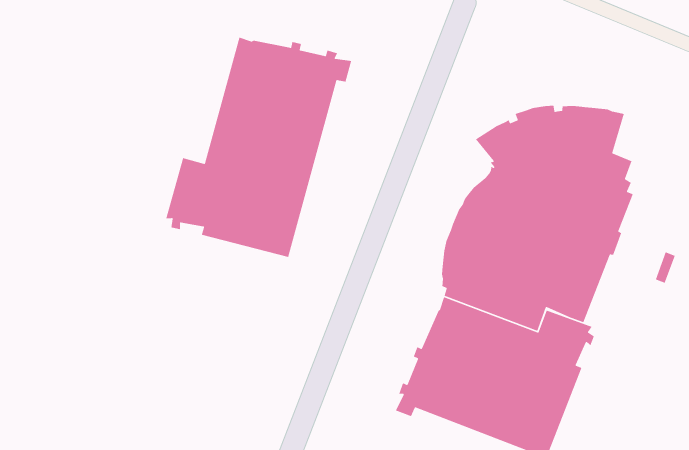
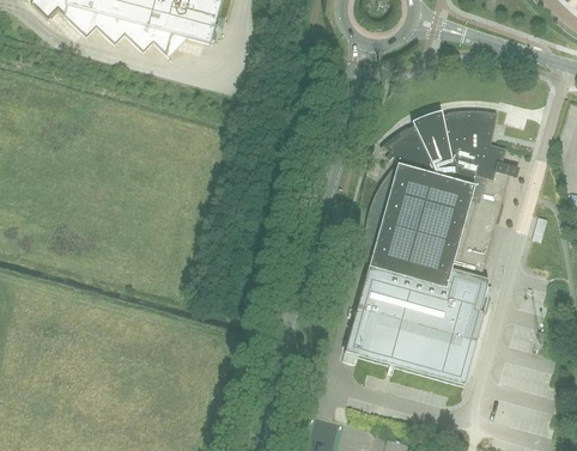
building: [165,37,352,258] -> none

